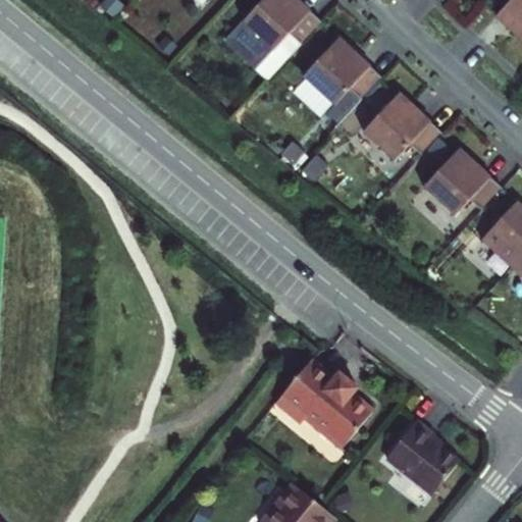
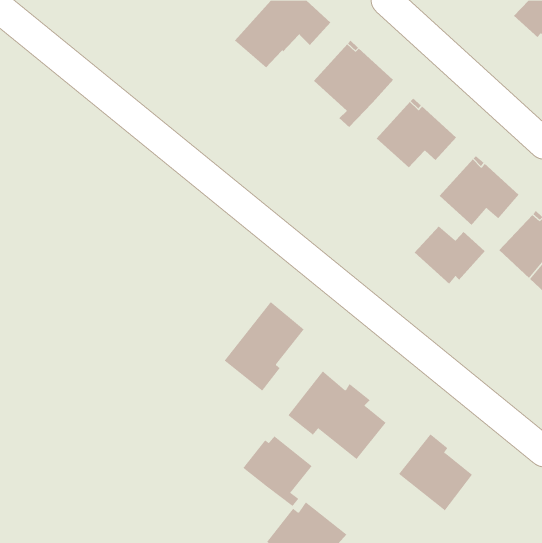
building: none -> [414,225,486,285]
building: none -> [224,301,304,391]
building: none -> [242,436,313,507]

